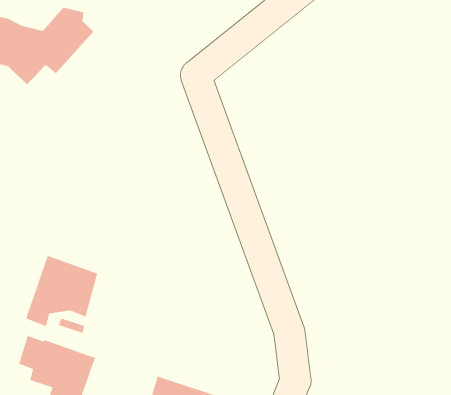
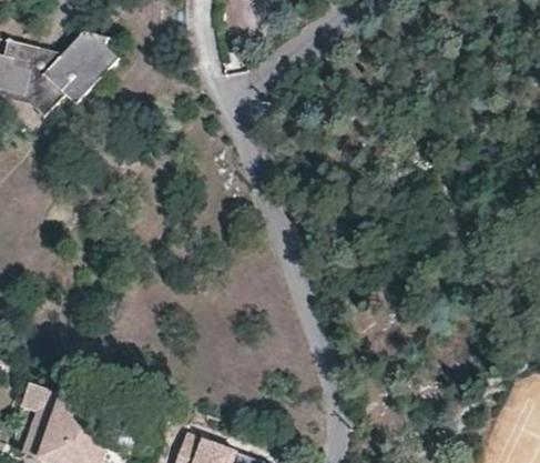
building: [25,255,98,327] -> none

